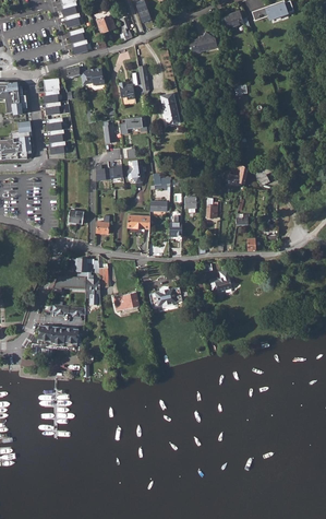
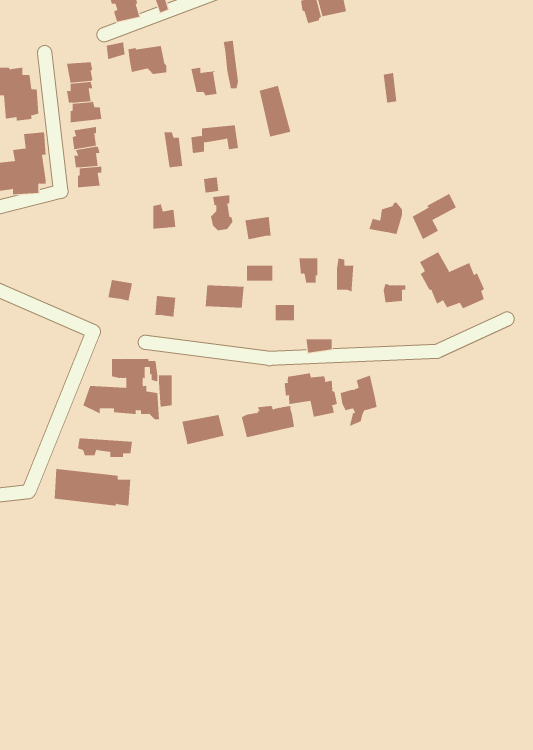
building: none -> [419,251,485,309]
building: none -> [284,373,338,418]

